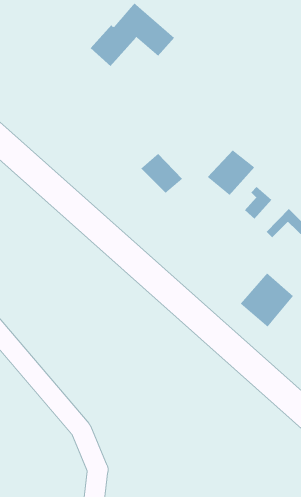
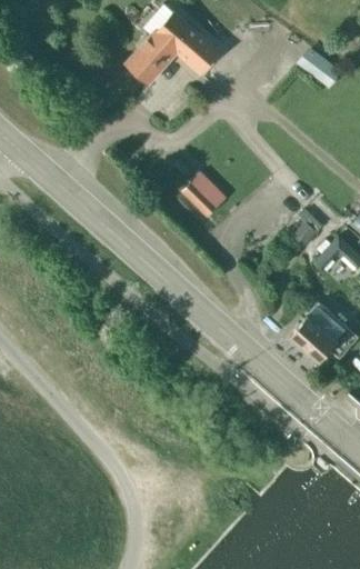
building: none -> [298,48,339,86]
building: [207,150,255,196] -> none

